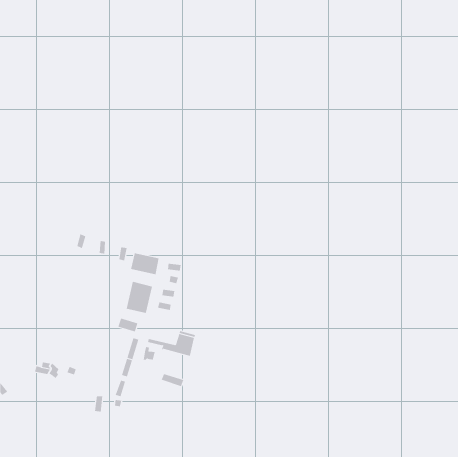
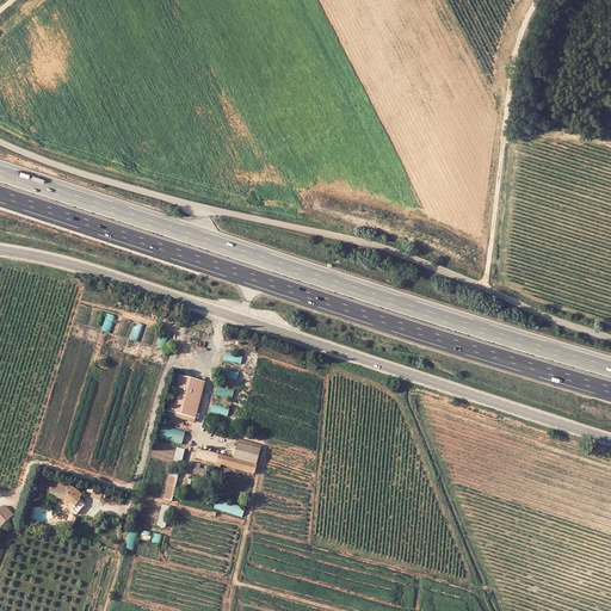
building: [130,252,159,275] -> none

